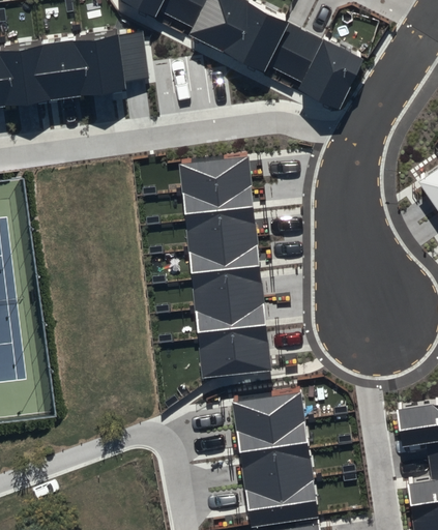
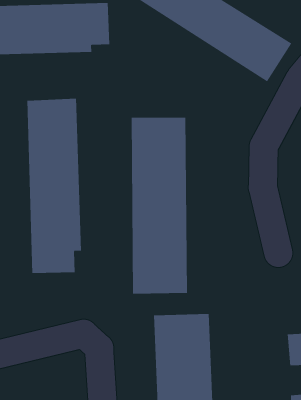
building: none -> [27,98,82,274]

